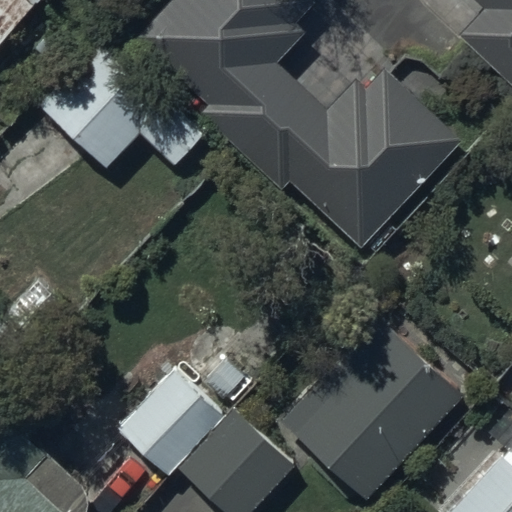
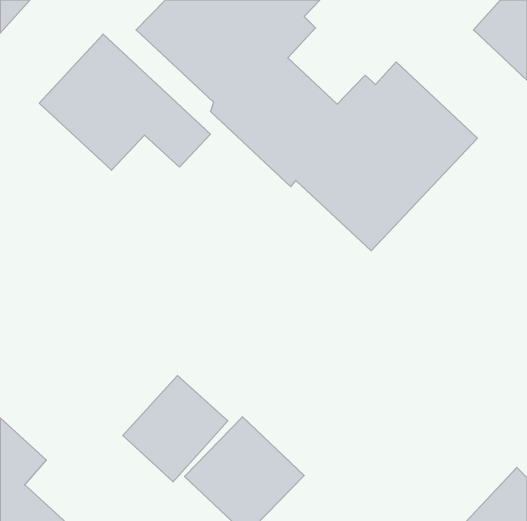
building: [277,314,462,500] -> none

